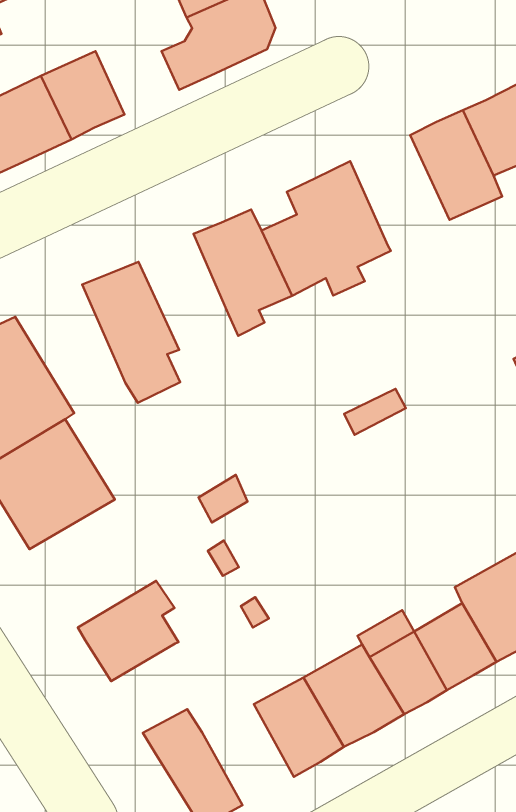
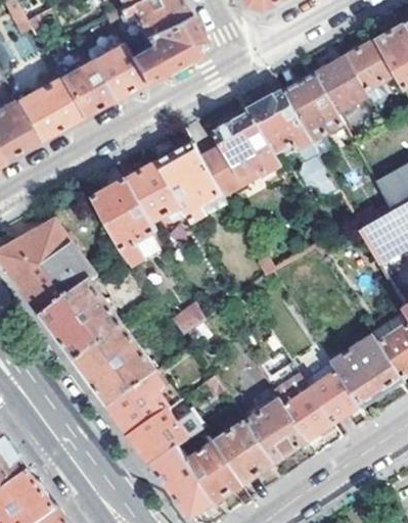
building: none -> [89,39,141,94]
building: none -> [247,93,336,199]
building: none -> [125,162,181,226]
building: none -> [73,326,153,405]
building: none -> [128,410,200,465]
building: none -> [185,442,242,504]

